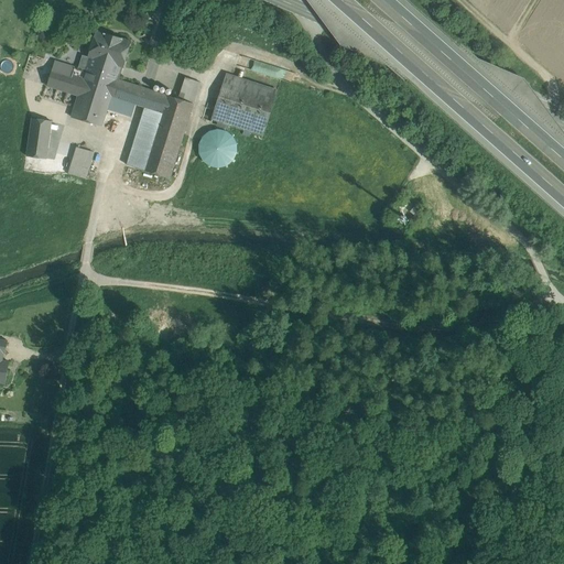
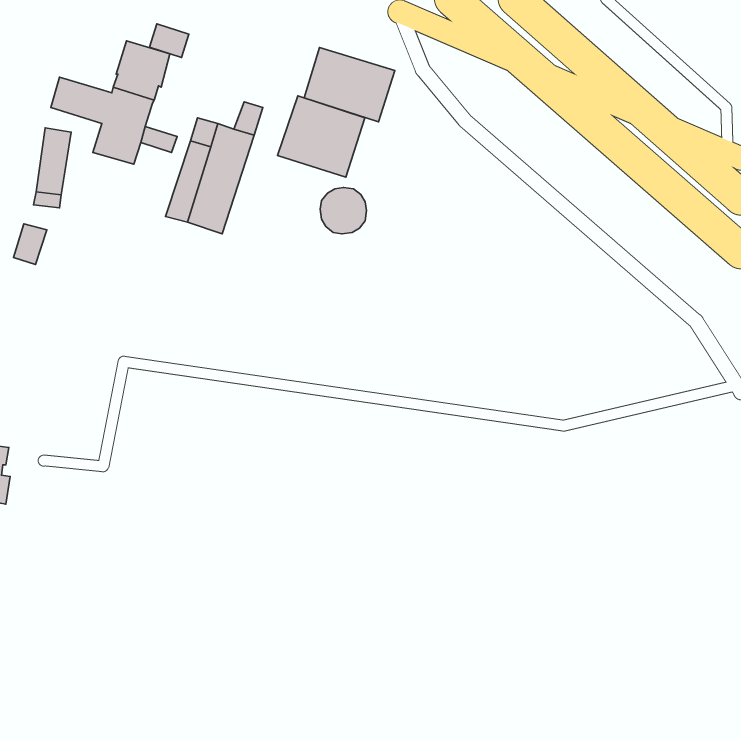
building: none -> [304,48,395,122]
building: [110,78,140,104] -> [149,24,189,57]
building: [197,133,232,169] -> [320,187,367,234]
building: [67,147,93,177] -> [14,224,47,265]

